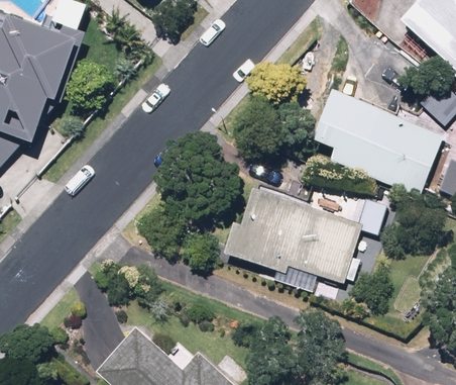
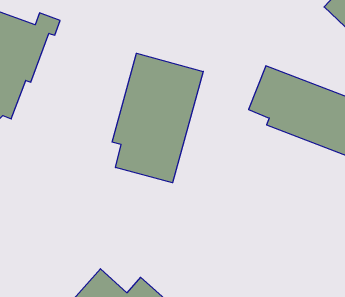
building: none -> [112,53,203,183]
building: [225,185,361,280] -> none

